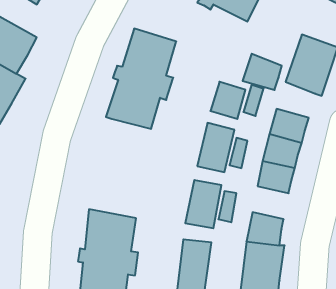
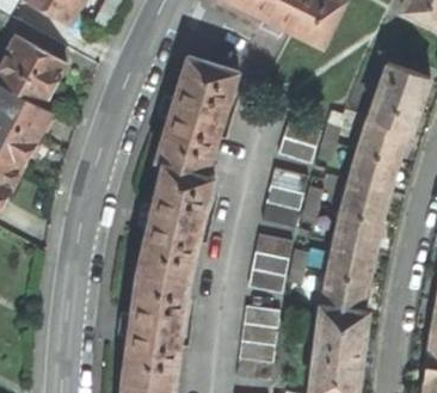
building: [243,54,282,90] -> [356,118,402,161]
building: none -> [133,162,214,281]
building: none -> [327,242,370,282]

